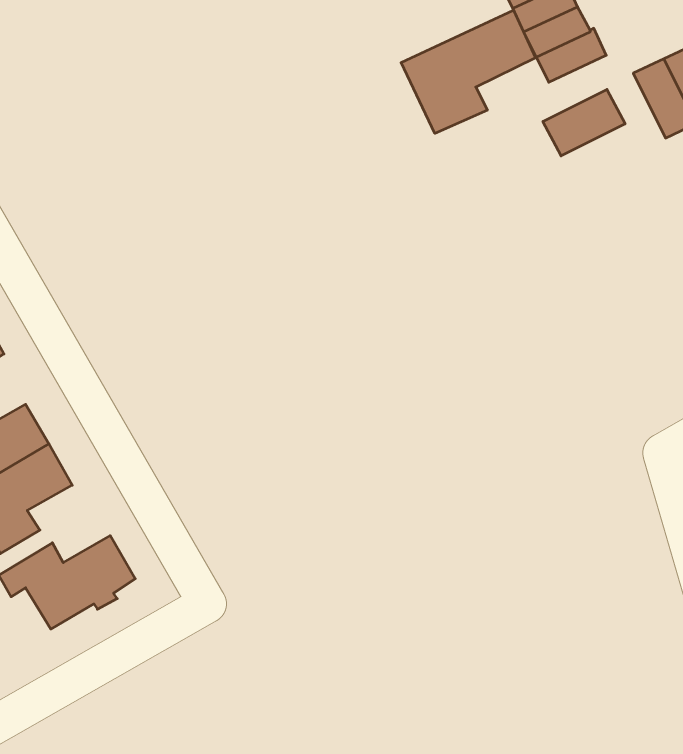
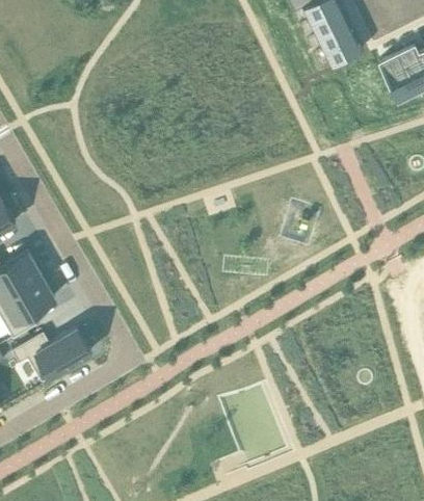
building: [401,10,536,133] -> none
building: [543,89,625,156] -> none

